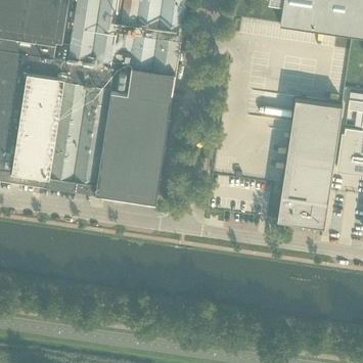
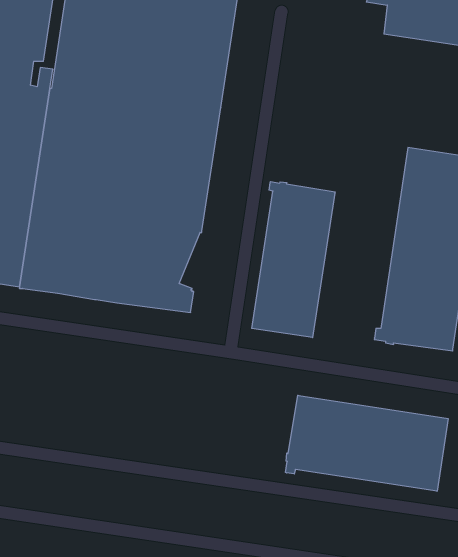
building: none -> [252,182,335,338]
building: none -> [285,395,448,491]

